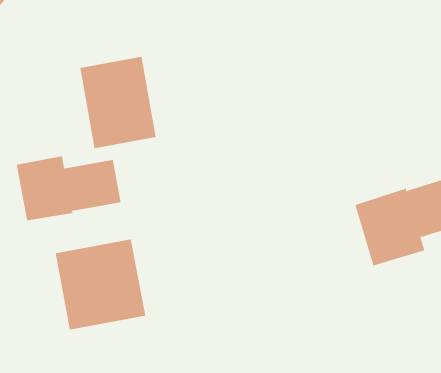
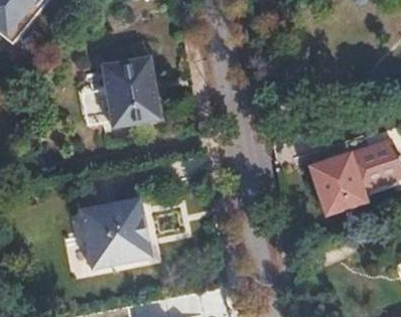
building: [16,156,121,221] -> none

